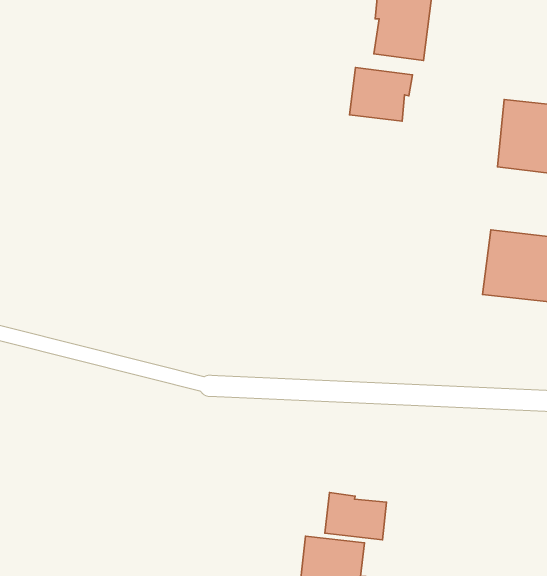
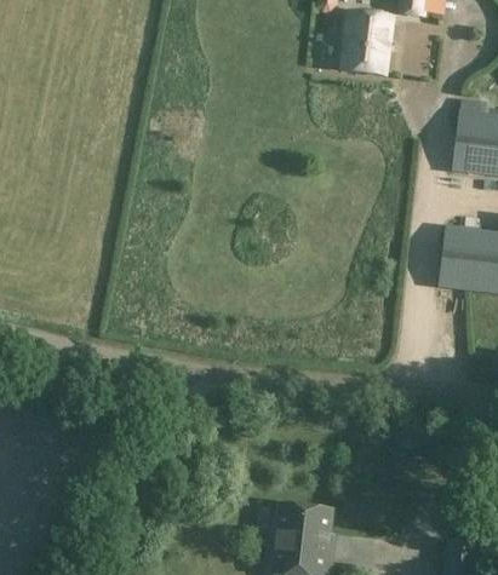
building: [349,67,412,121] -> none
building: [325,493,387,540] -> none

